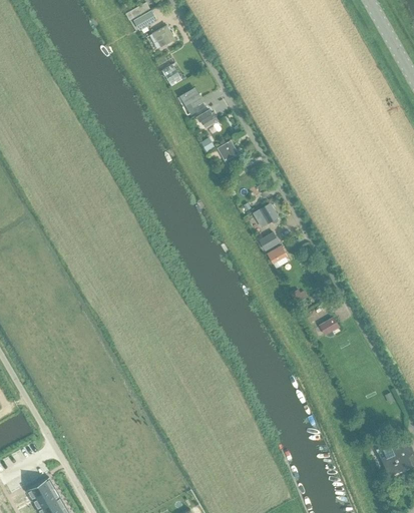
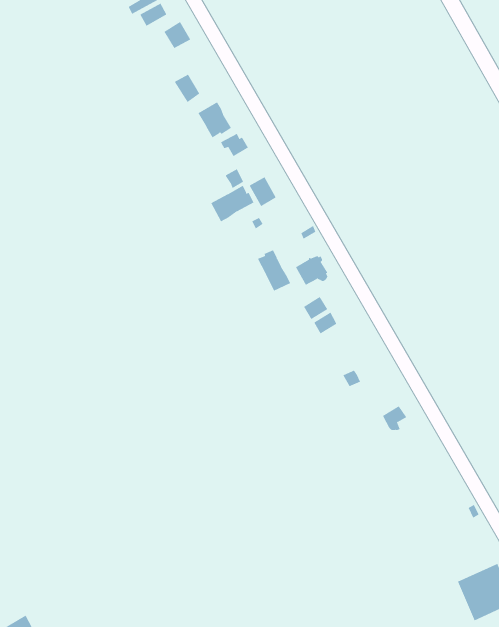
building: none -> [211,185,254,222]
building: none -> [257,249,291,292]

